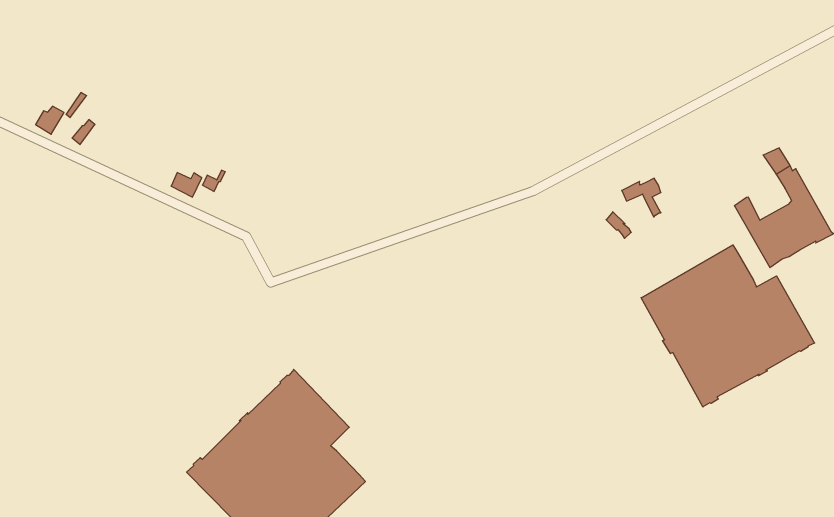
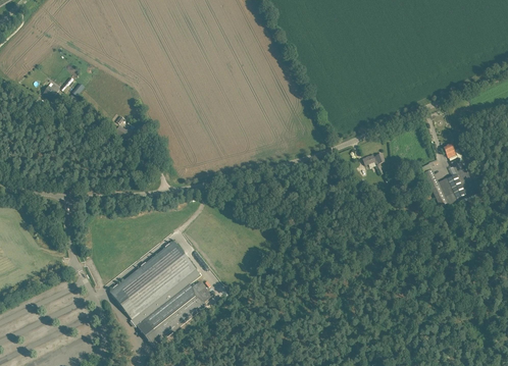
building: [641,245,815,407] -> none

